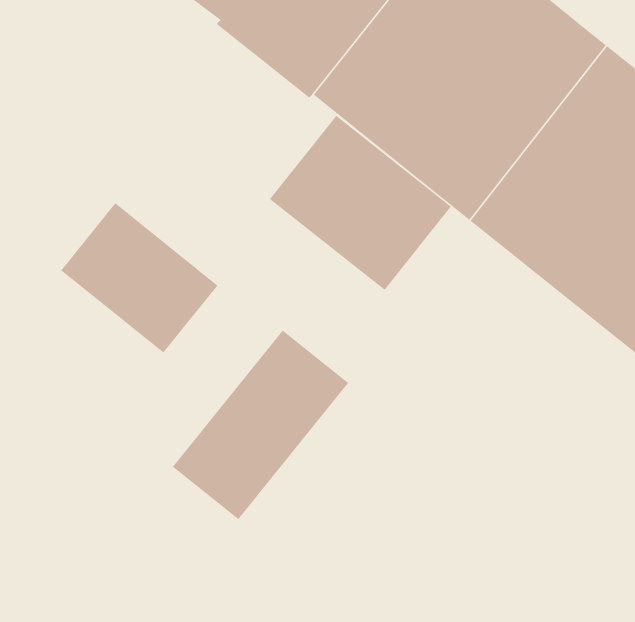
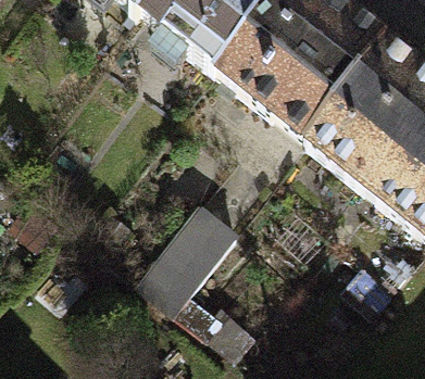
building: [269,115,452,291] -> none
building: [60,202,219,354] -> none

